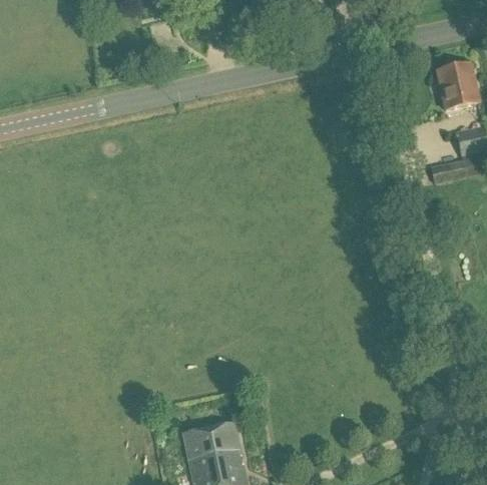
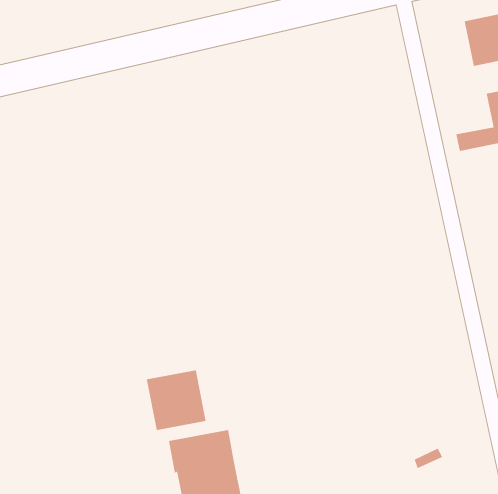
building: none -> [146,370,206,431]

